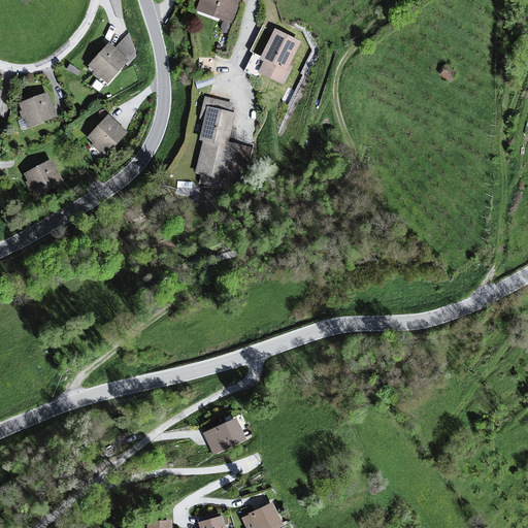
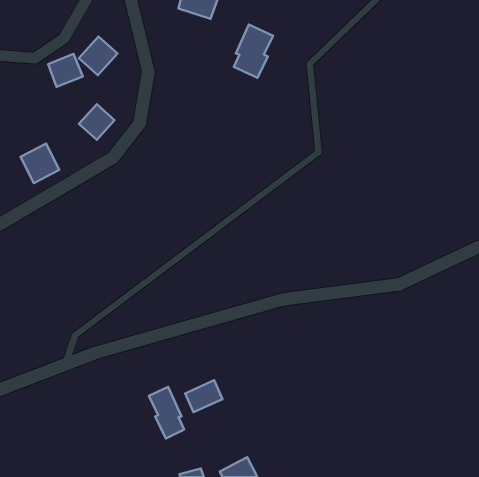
building: [19,91,57,127] -> [48,54,83,87]
building: [193,105,238,180] -> none
building: none -> [149,387,184,439]

